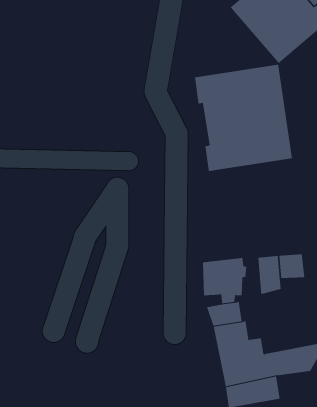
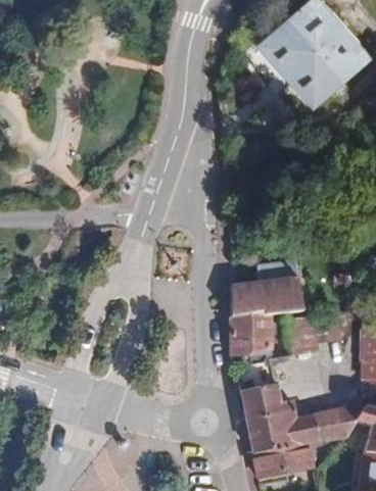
building: [195,64,293,172] -> none
building: none -> [229,261,301,322]

